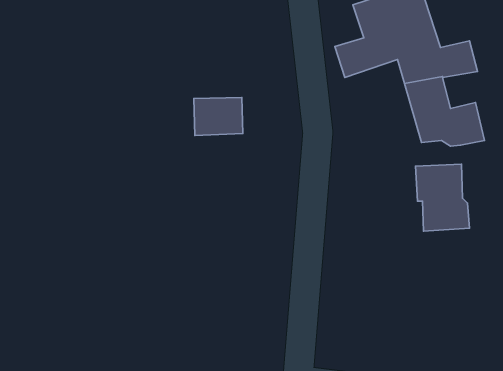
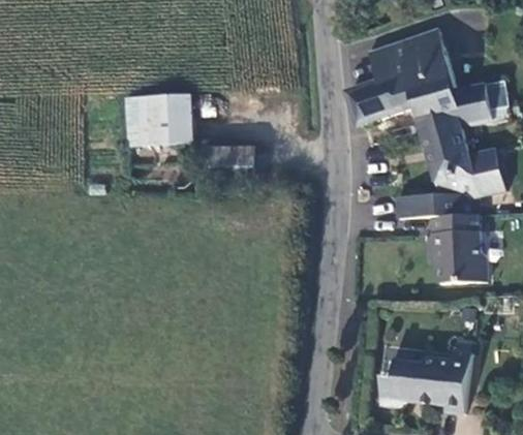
building: none -> [124,91,193,144]
building: none -> [397,189,480,217]
building: none -> [383,349,473,413]

